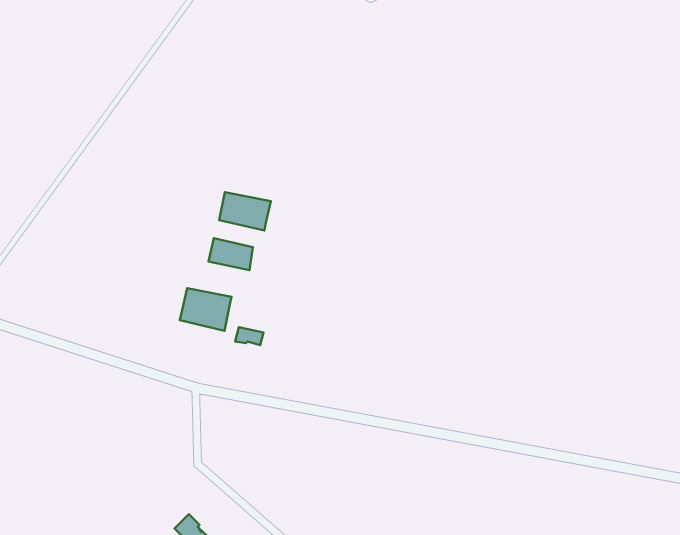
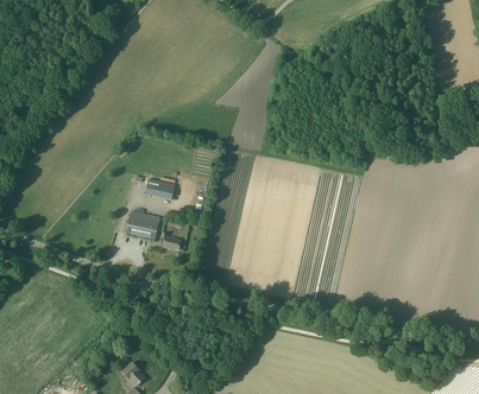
building: [219,192,271,230] -> none

